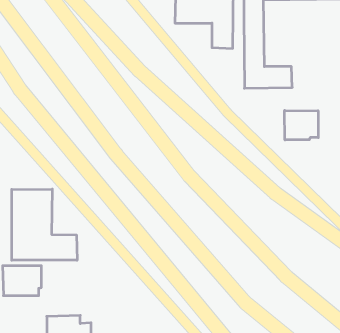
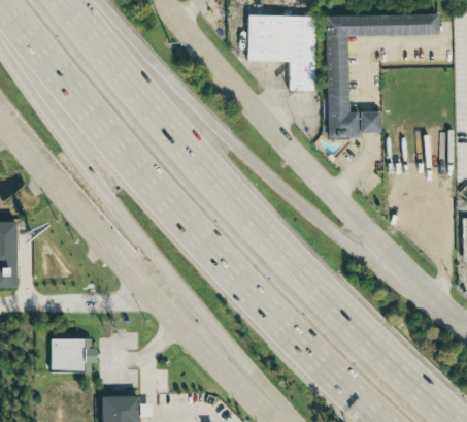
building: [285,110,318,140] -> none
building: [12,189,77,260] -> none

